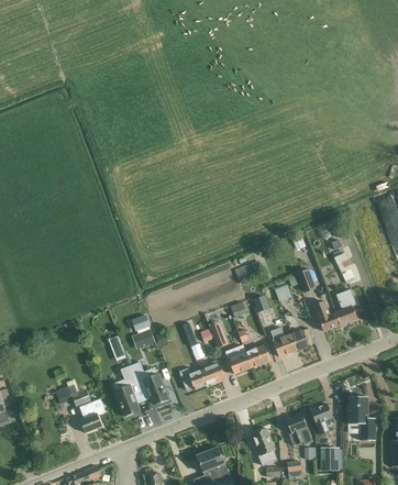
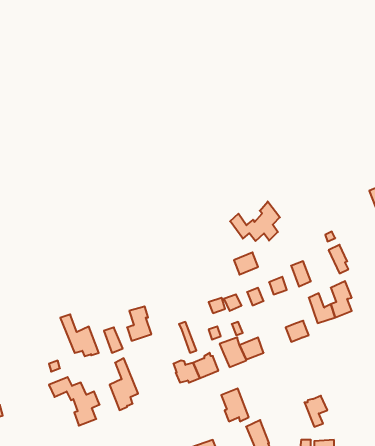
building: none -> [230,201,280,241]
building: [270,327,297,356] -> none
building: [130,362,168,404] -> [60,314,99,356]
building: [349,397,375,441] -> none
building: [286,412,313,445] -> [221,388,249,421]

